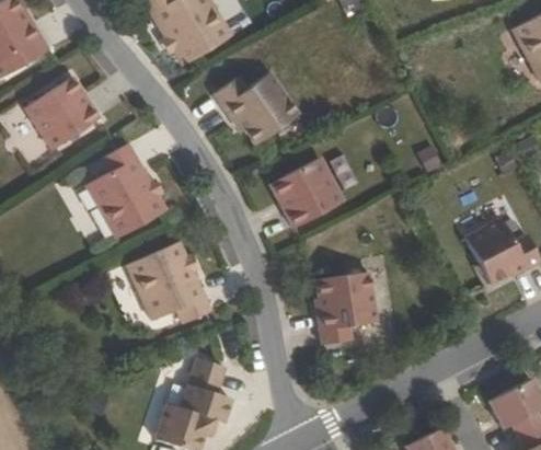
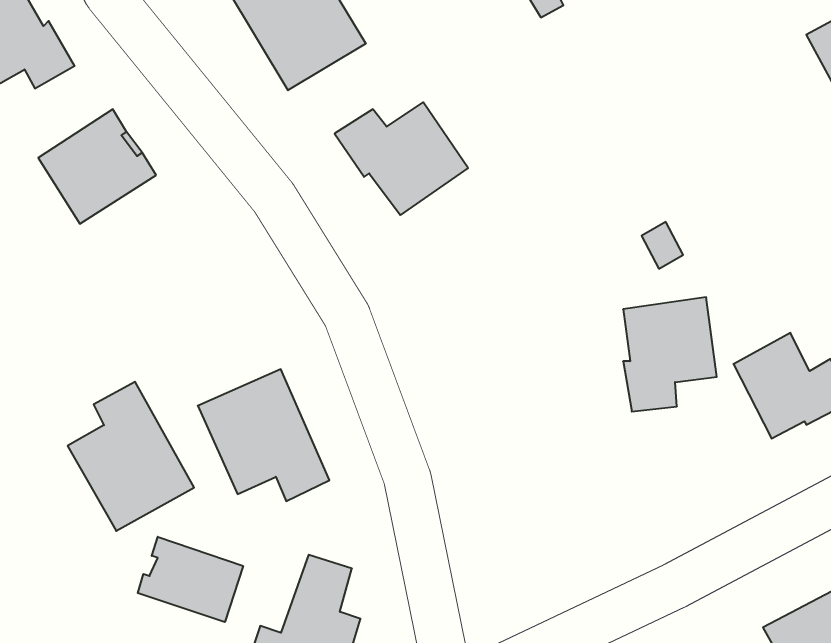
building: [87,143,166,238] -> [68,382,194,531]
building: [270,158,344,228] -> none
building: [318,272,377,344] -> [623,297,717,412]
building: none -> [138,537,243,622]

